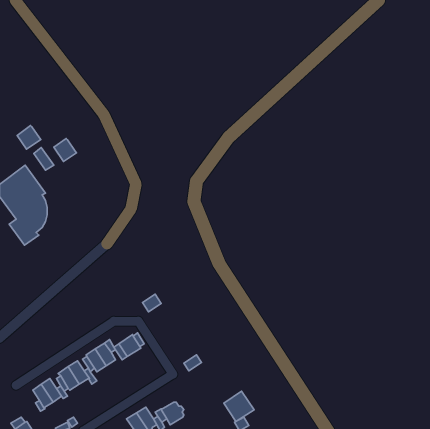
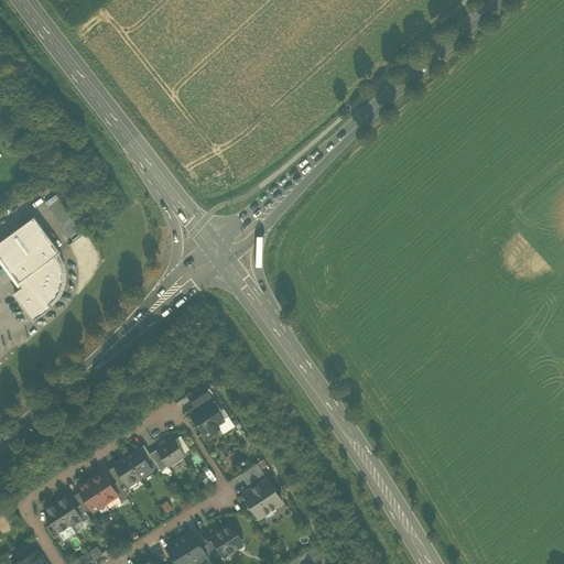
building: [17,125,41,149] -> none
building: [54,138,77,161] -> none
building: none -> [192,402,223,435]
building: [224,391,254,422] -> [242,480,282,520]

